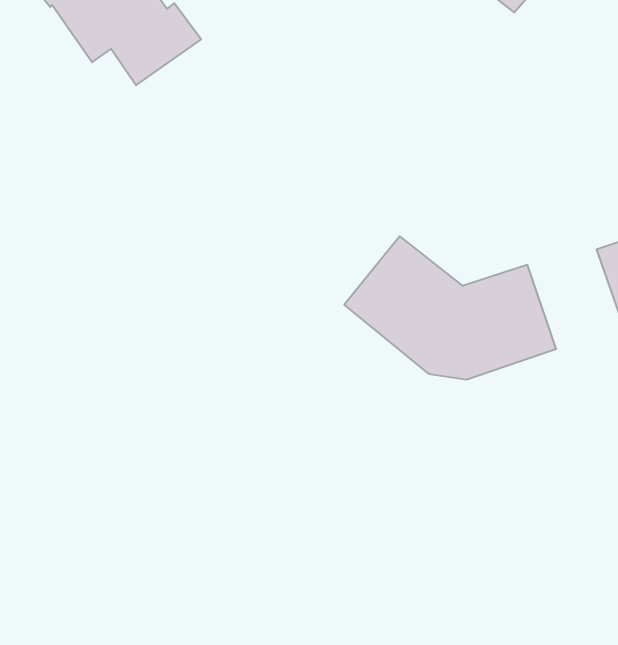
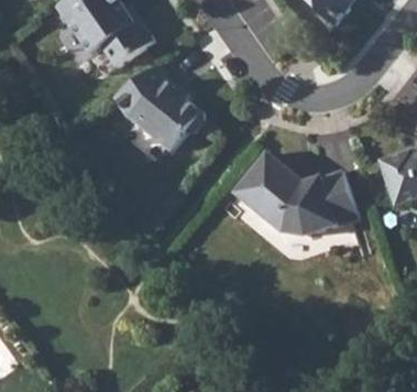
building: none -> [112,66,202,152]

